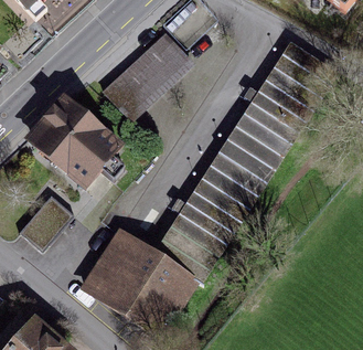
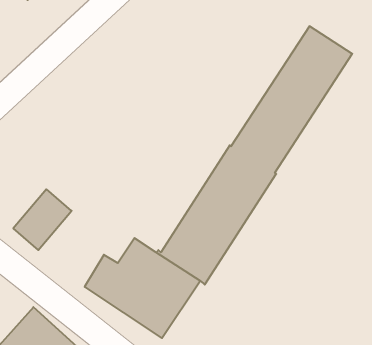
building: [103,34,188,116] -> none
building: [33,98,124,187] -> none

